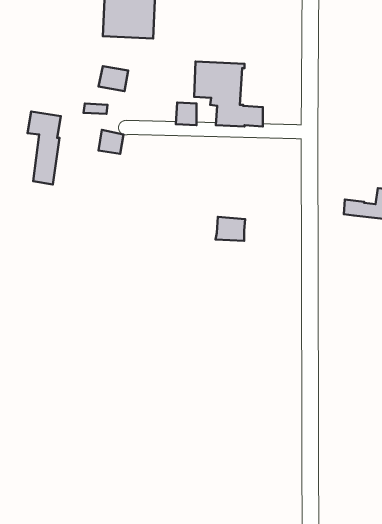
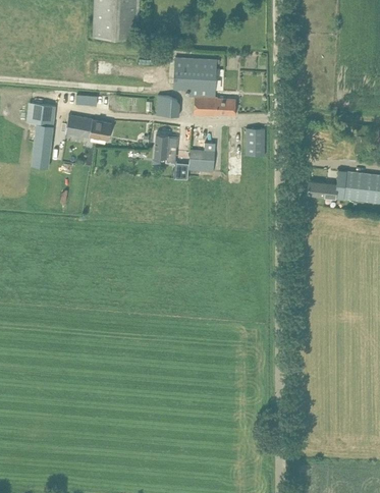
building: [98,66,128,91] -> [65,115,92,138]
building: none -> [246,128,265,156]
building: none -> [154,134,176,164]
building: [216,217,245,241] -> [188,150,215,171]

